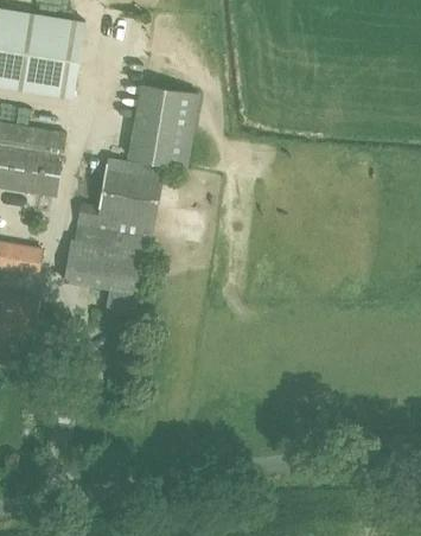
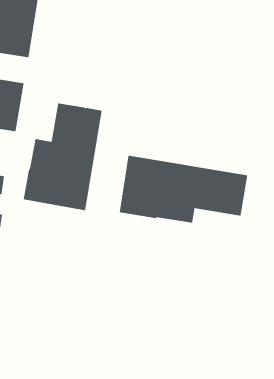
building: [128,84,196,167] -> none
building: none -> [119,155,248,223]

